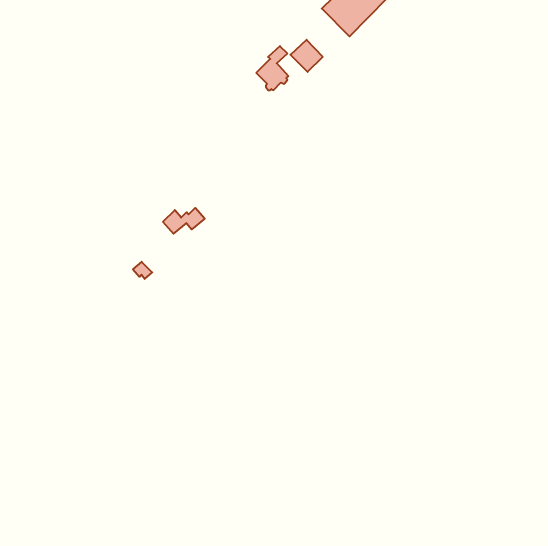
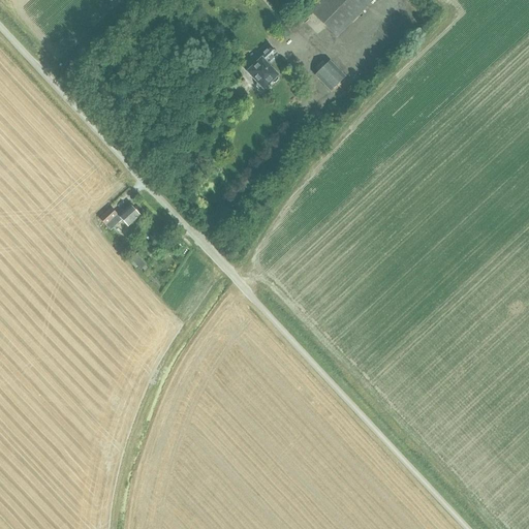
building: [290,40,323,72] -> [314,59,345,90]
building: [163,208,205,234] -> [99,204,139,228]

